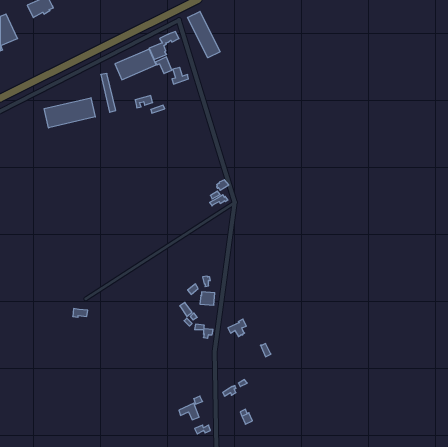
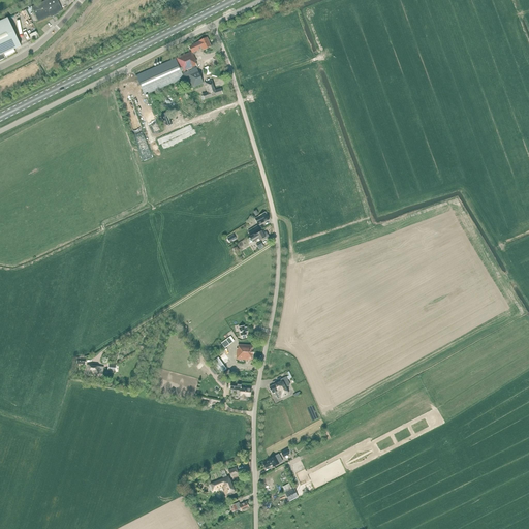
building: [188,11,220,58] -> none
building: [44,98,95,128] -> none

